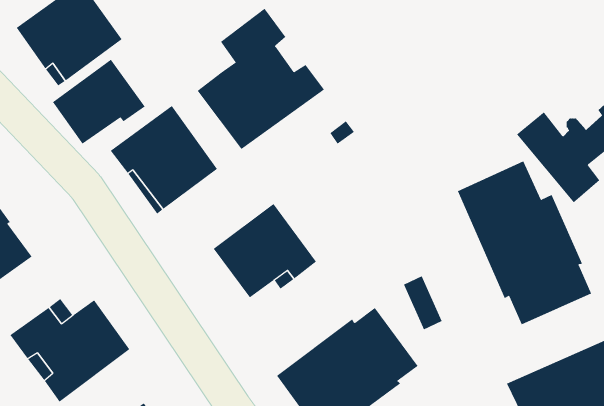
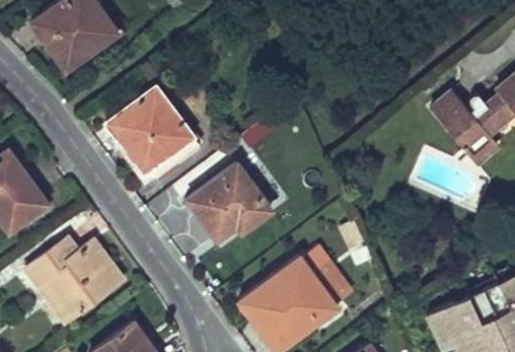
building: [197,8,325,150] -> none
building: [52,59,146,145] -> none
building: [457,160,592,325] -> none

